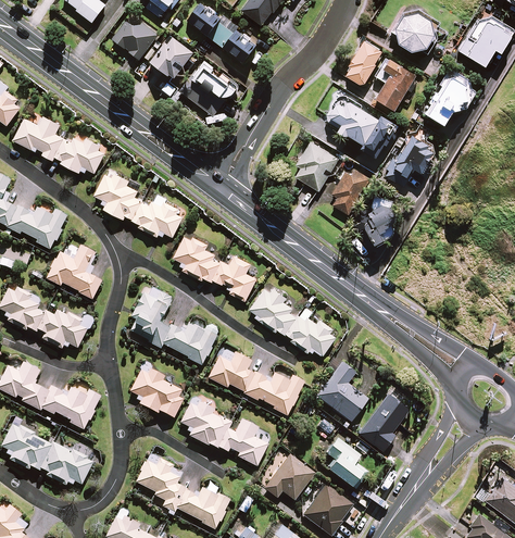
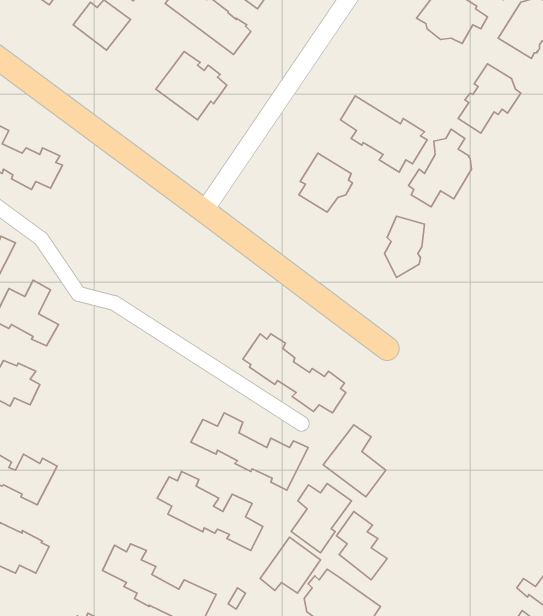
building: [151,37,193,76] -> none
building: [344,40,382,85] -> none
building: [376,59,416,110] -> none
building: [95,170,181,236] -> none
building: [331,170,369,214] -> none
building: [173,237,255,300] -> none
building: [131,292,215,364] -> none
building: [129,370,181,417] -> none
building: [359,396,407,452] -> [291,483,351,553]

